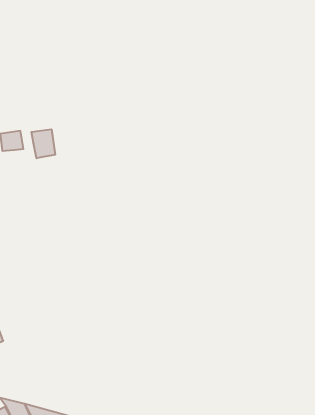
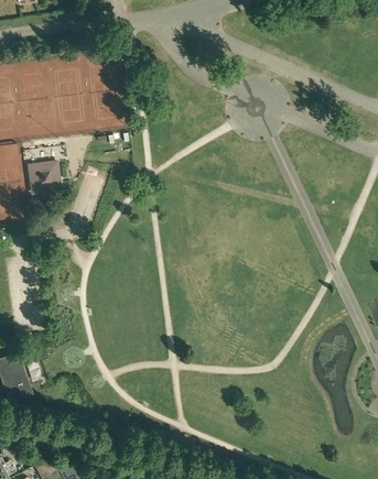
building: [31,129,55,158] -> none

